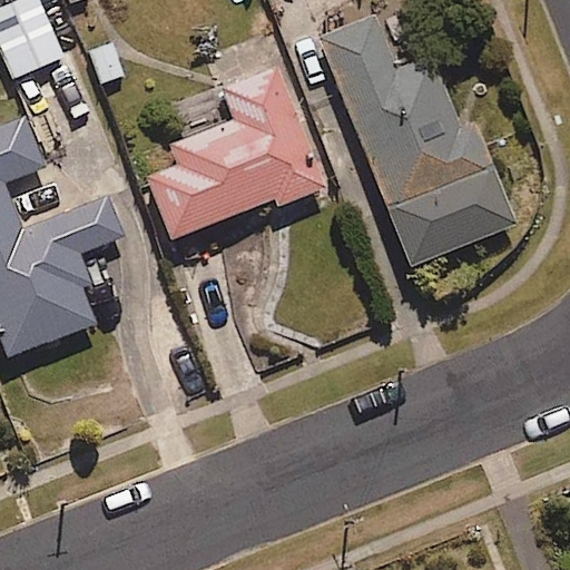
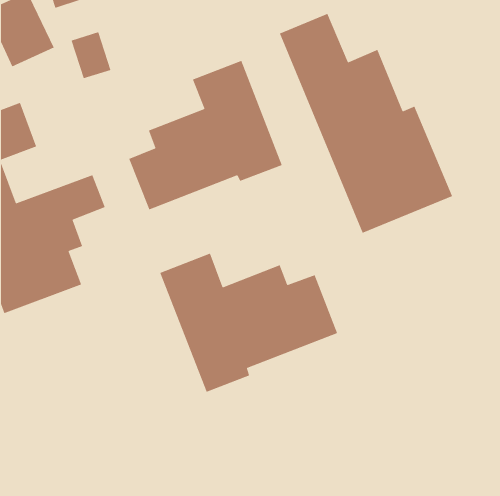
building: none -> [159,253,338,393]

